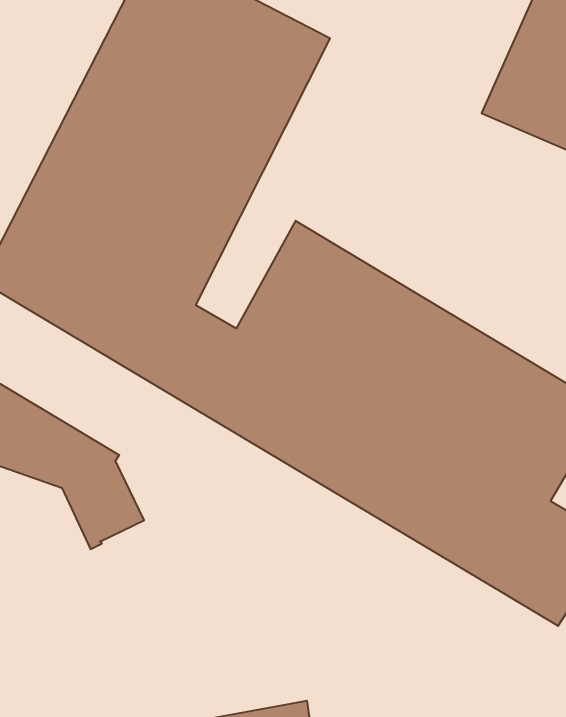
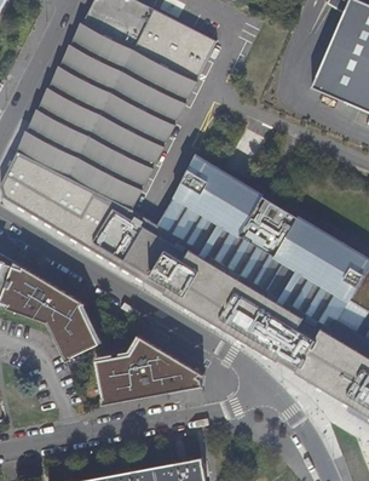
building: none -> [96,337,203,407]

